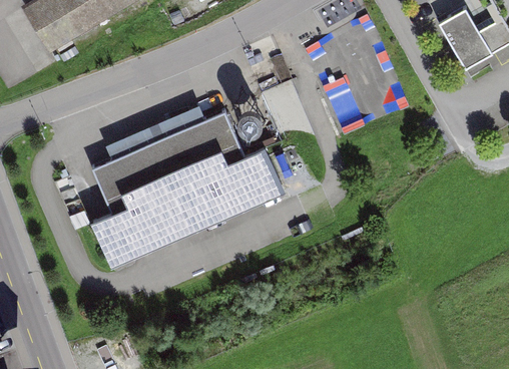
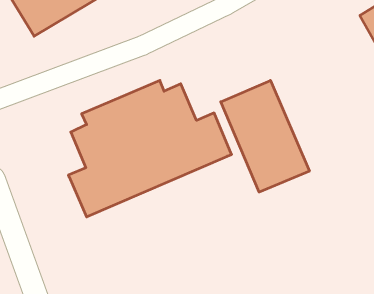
building: none -> [221,80,309,192]

